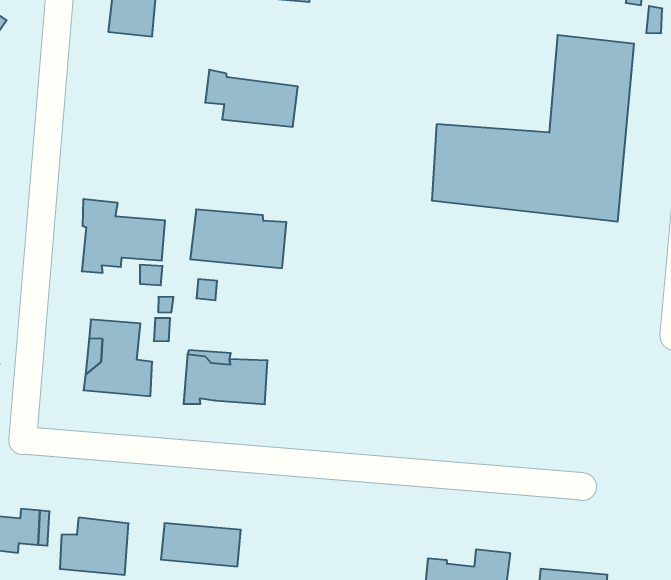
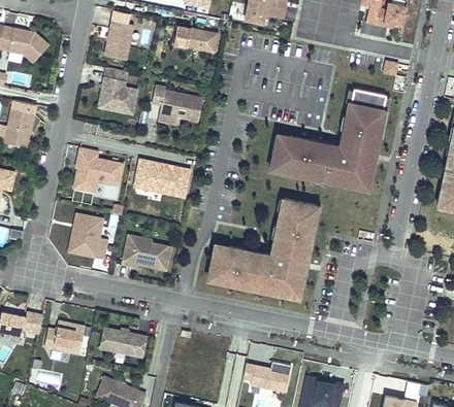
building: none -> [100,68,137,114]
building: none -> [207,199,316,296]

